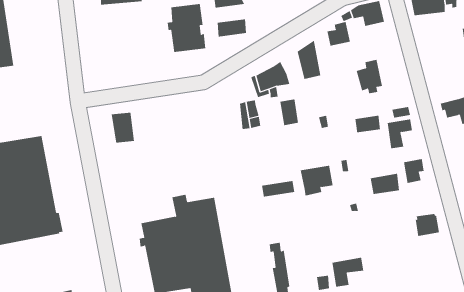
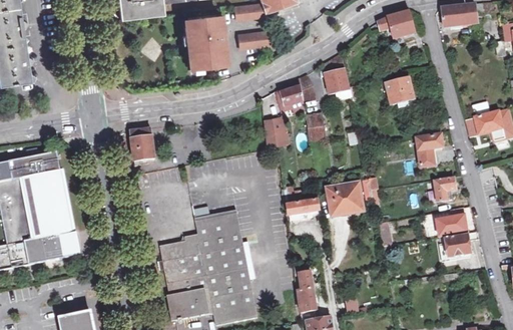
building: [327,21,350,47] -> none
building: [355,115,381,133] -> none
building: [370,173,400,194] -> [435,214,466,236]
building: [332,257,364,287] -> none

